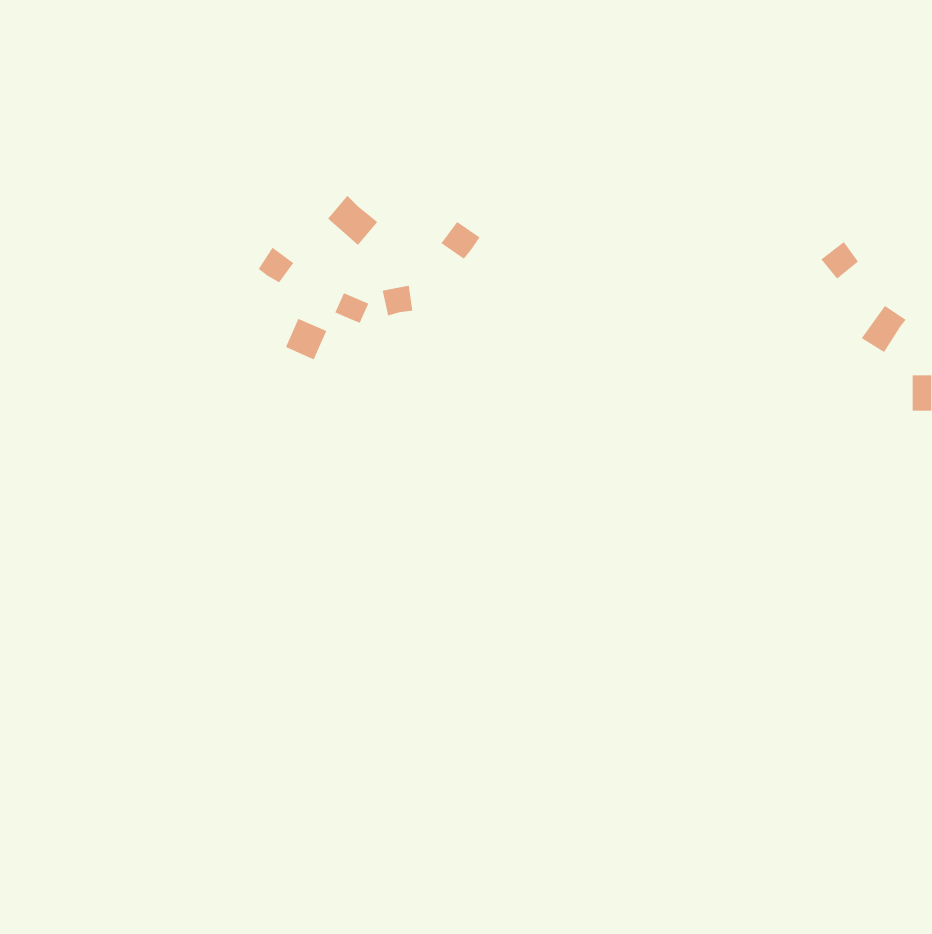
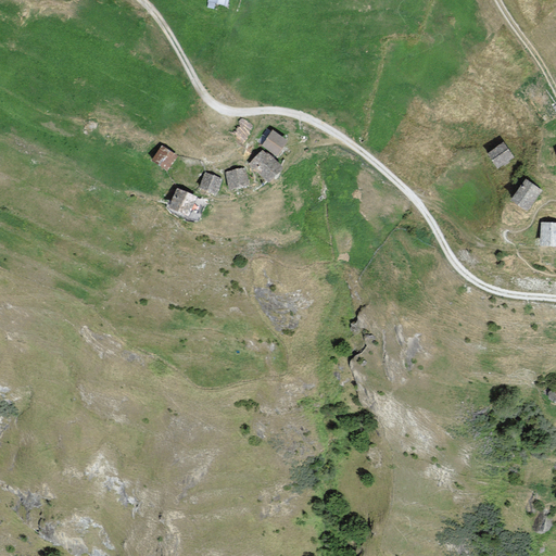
building: [327,195,378,246] -> [250,150,280,180]

